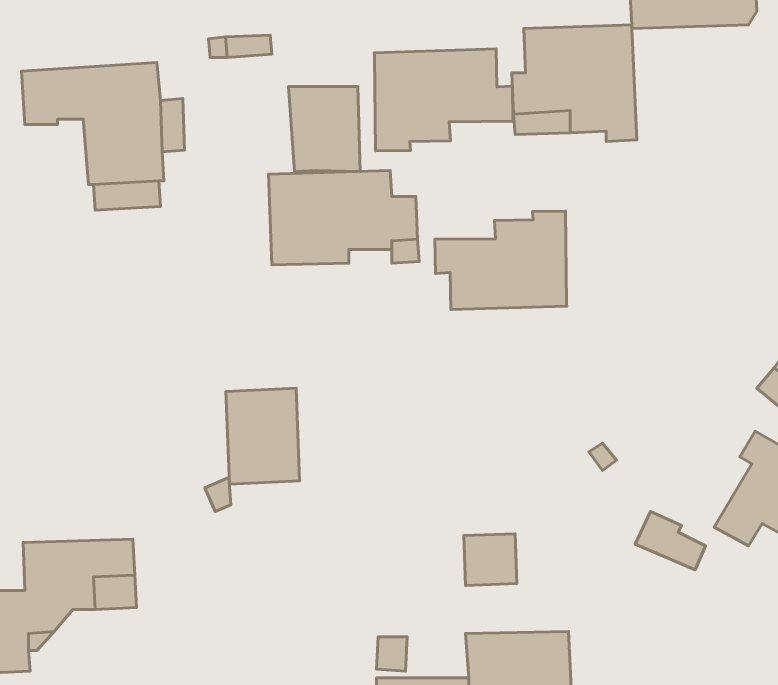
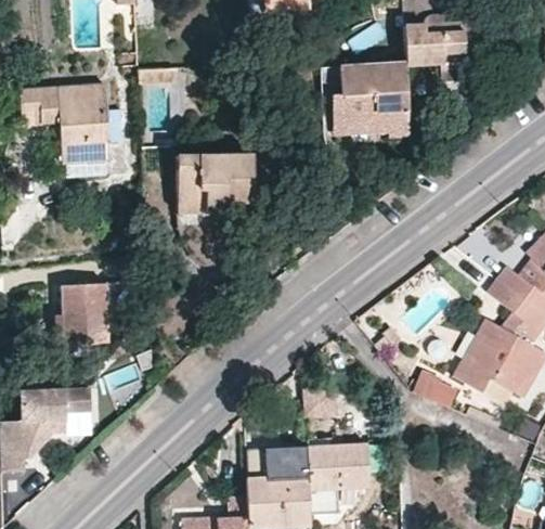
building: [374,49,513,151] -> none
building: [289,86,360,171] -> none
building: [435,211,567,310] -> none
building: [226,388,300,484] -> [63,284,109,345]

